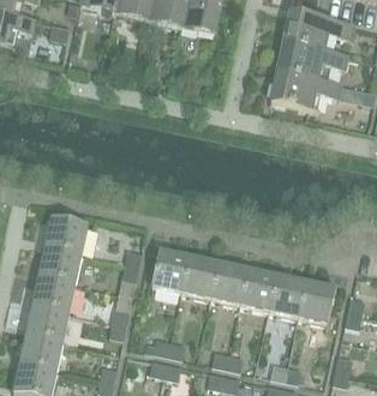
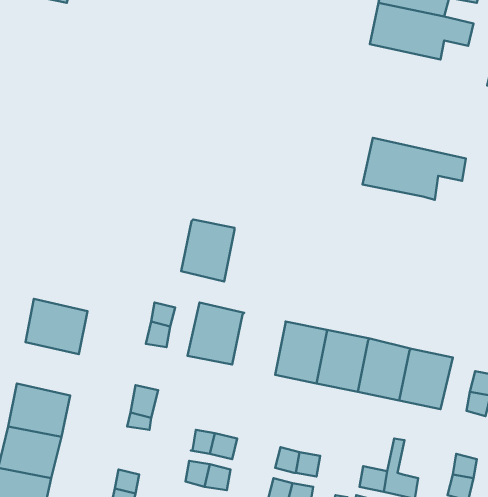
building: [270,67,342,110] -> [362,138,466,200]
building: [43,214,88,253] -> none
building: [181,254,219,298] -> [181,219,235,281]
building: [31,275,74,312] -> none

